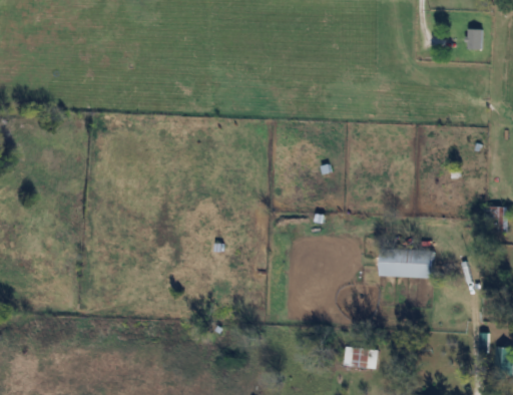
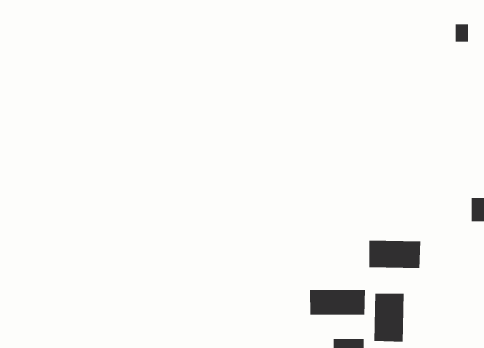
building: none -> [309,289,366,315]
building: none -> [373,293,405,343]

